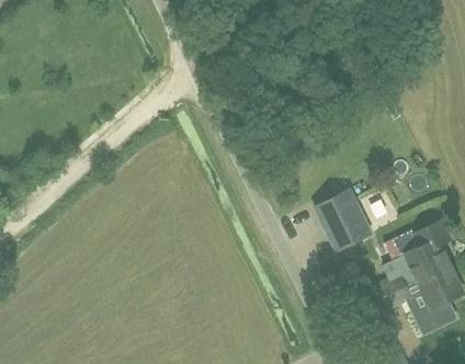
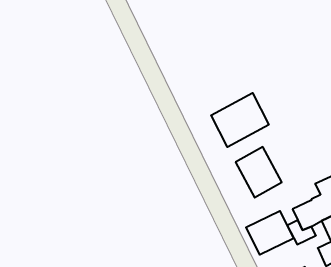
building: none -> [211,93,269,147]
building: none -> [246,211,294,255]

